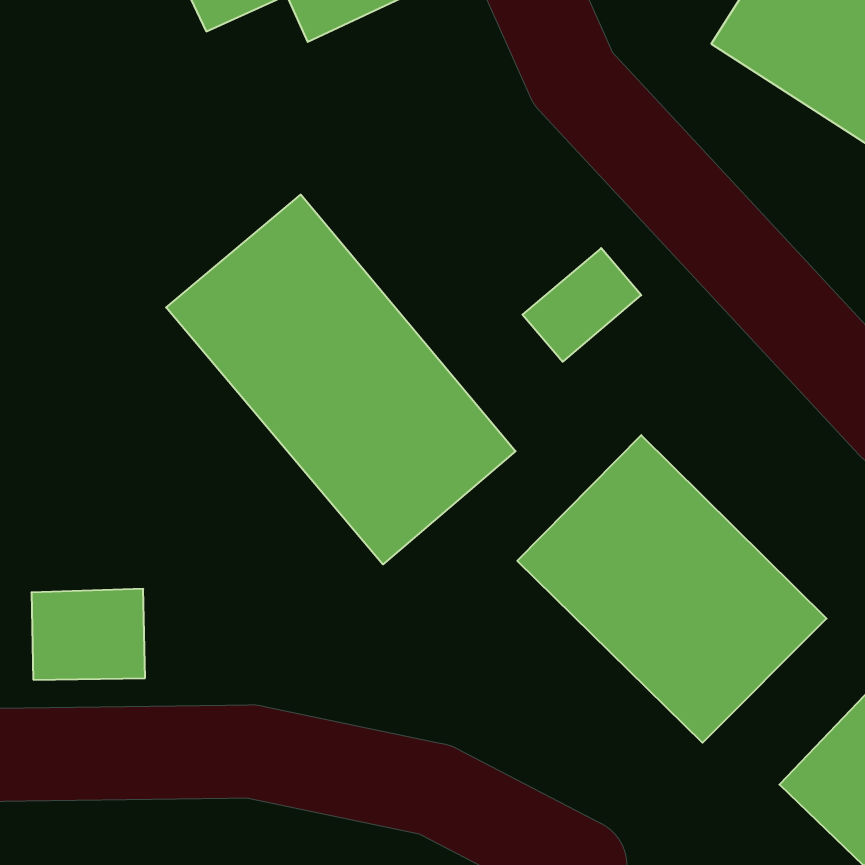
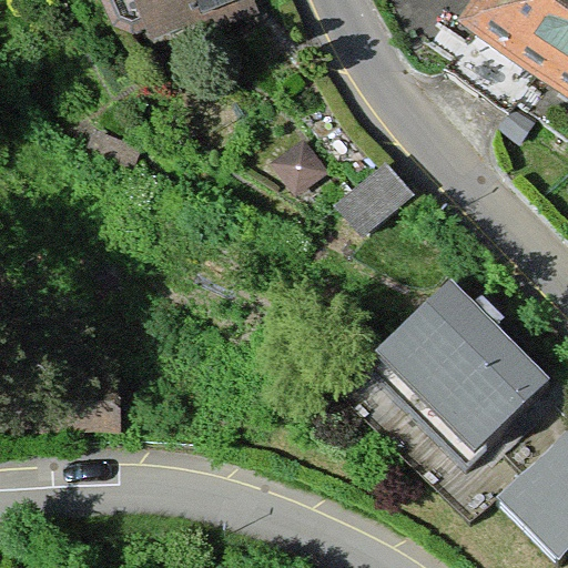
building: [166,195,516,564] -> none

